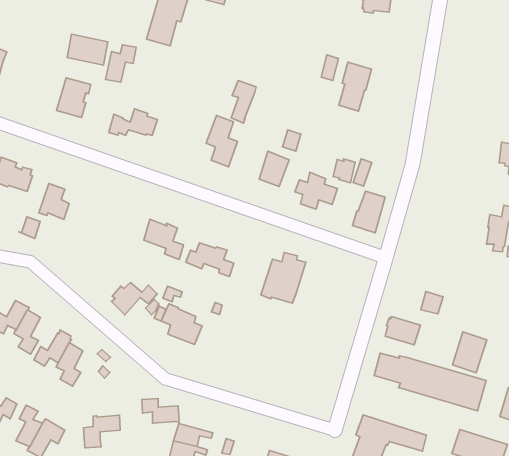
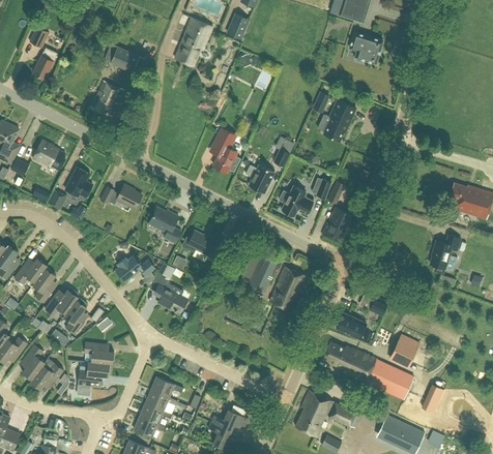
building: [105,45,136,82] -> none
building: [231,81,256,123] -> none
building: [109,109,158,136] -> [99,183,141,207]
building: none -> [268,266,306,309]
building: [142,398,179,423] -> [83,341,113,364]

